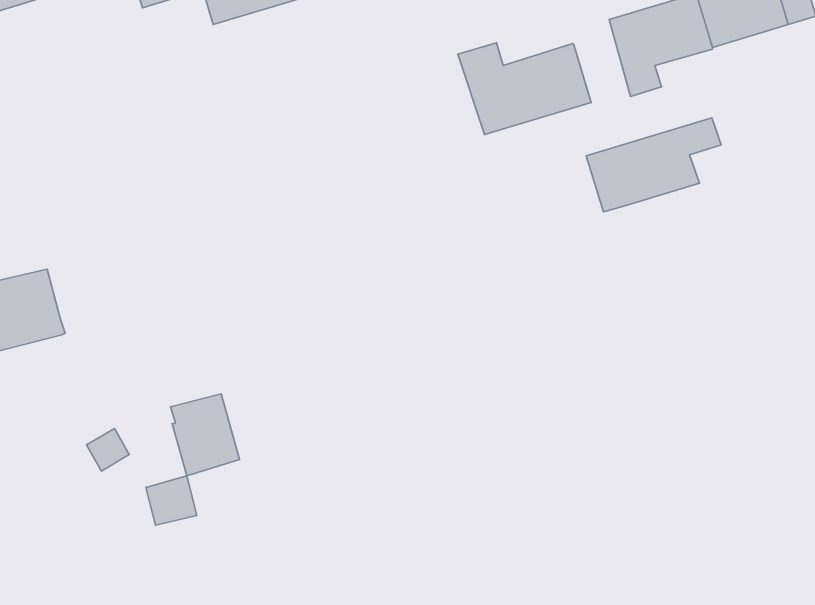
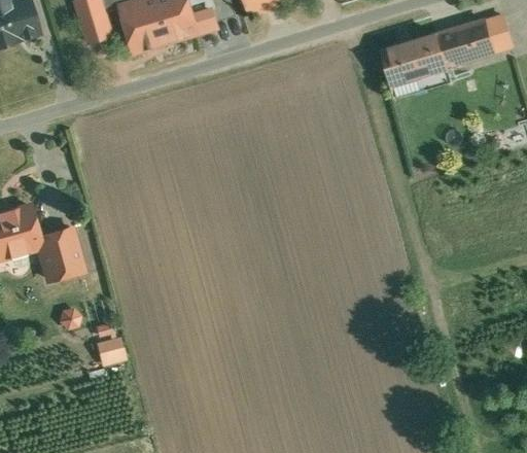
building: [458,43,591,134] -> none
building: [586,118,721,212] -> none
building: [170,394,239,476] -> [38,229,81,280]

